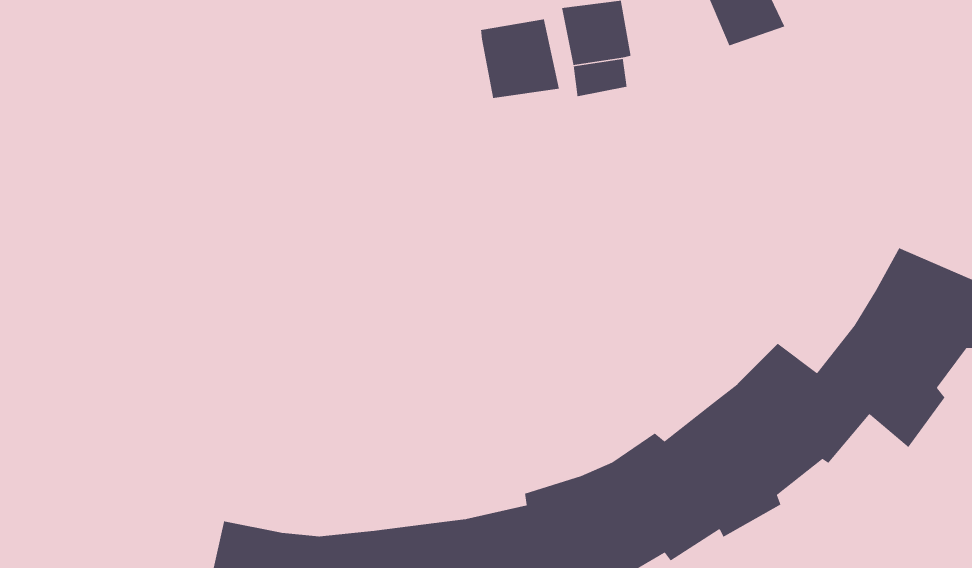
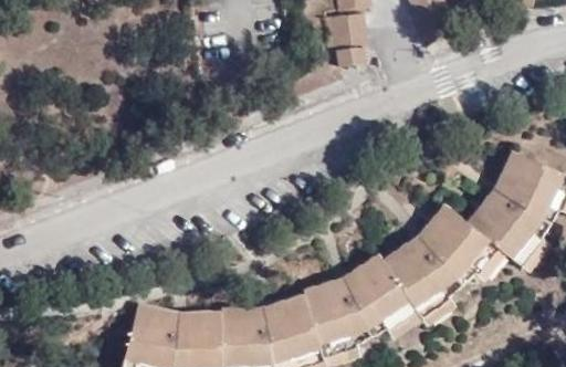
building: [480,19,560,99] -> none

